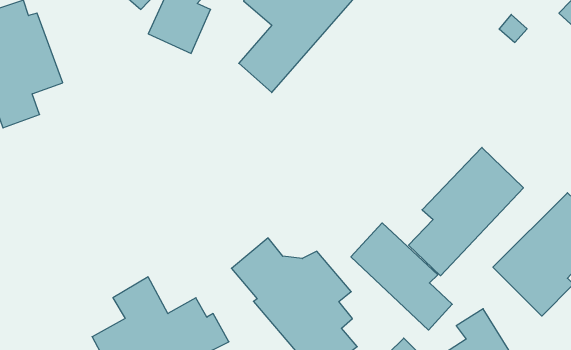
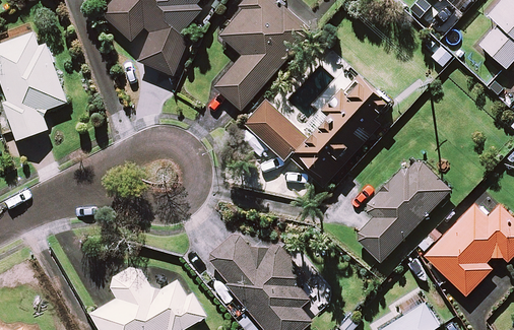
building: none -> [245,78,388,188]
building: [351,223,452,330] -> none

